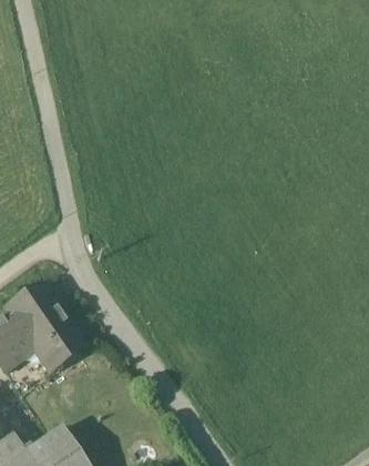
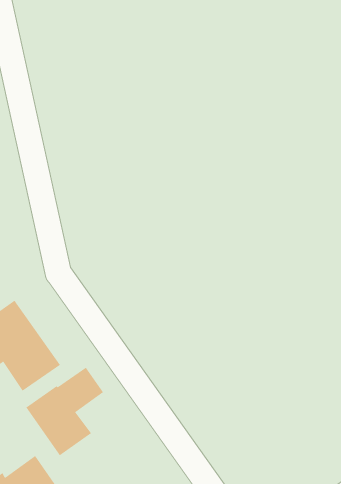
building: none -> [25,367,104,456]

